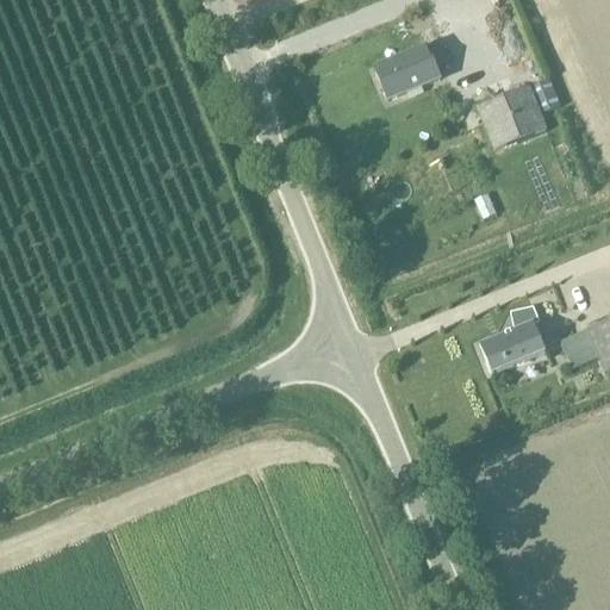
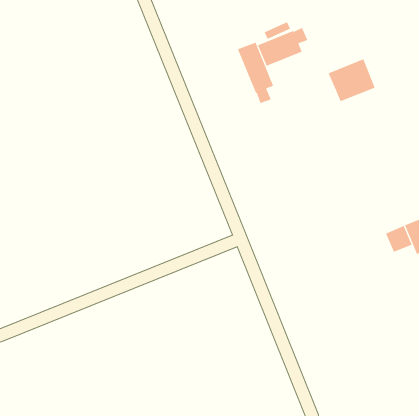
building: none -> [237,42,274,104]
building: [480,305,546,372] -> none

